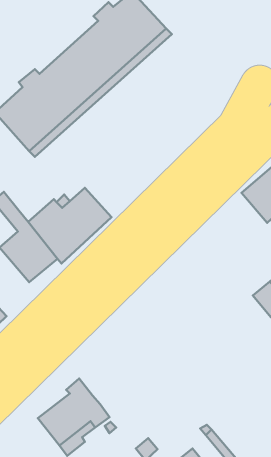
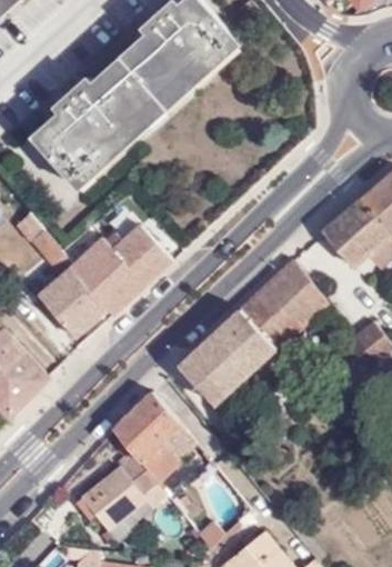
building: none -> [178,261,325,402]
building: none -> [113,390,198,480]

